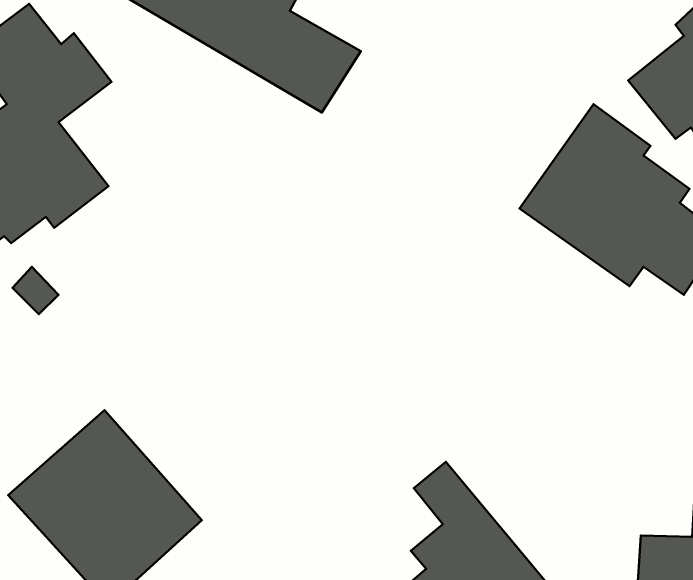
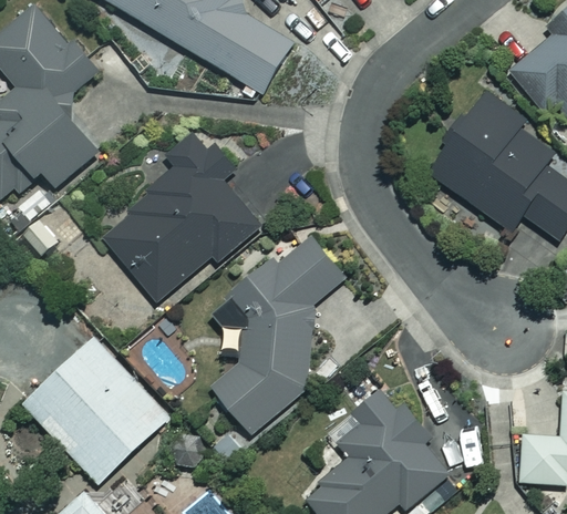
building: none -> [101,130,259,302]
building: none -> [209,237,346,434]

